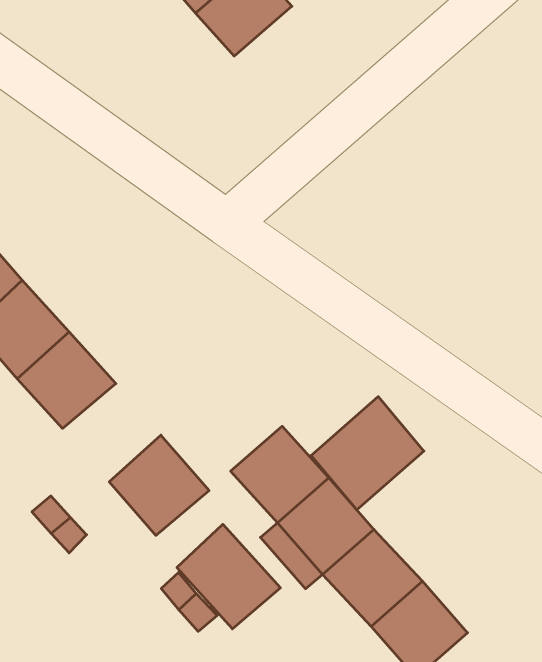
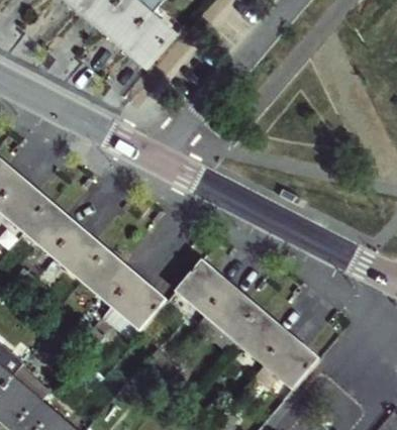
building: none -> [82,250,135,304]
building: [311,397,424,510] -> none
building: [177,524,280,629] -> none

